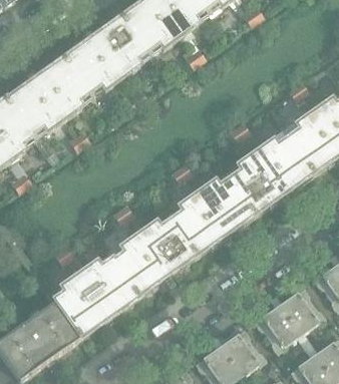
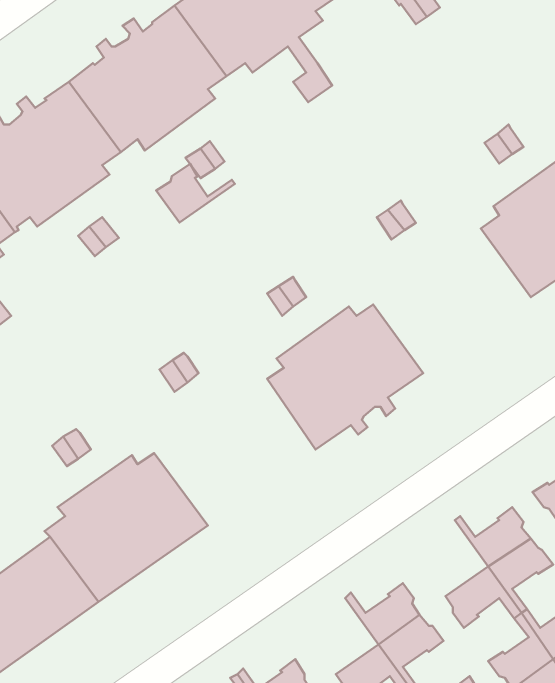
building: none -> [156,164,235,222]
building: [228,135,313,214] -> none
building: [109,217,197,296] -> none
building: [255,293,290,334] -> none
building: [196,335,231,376] -> none

